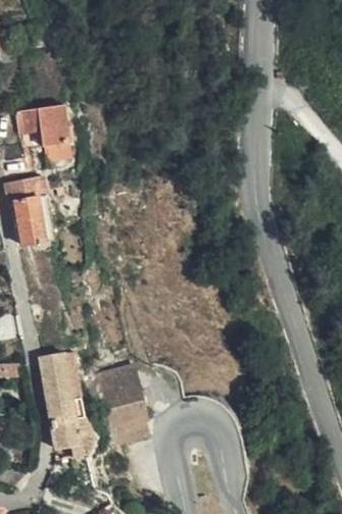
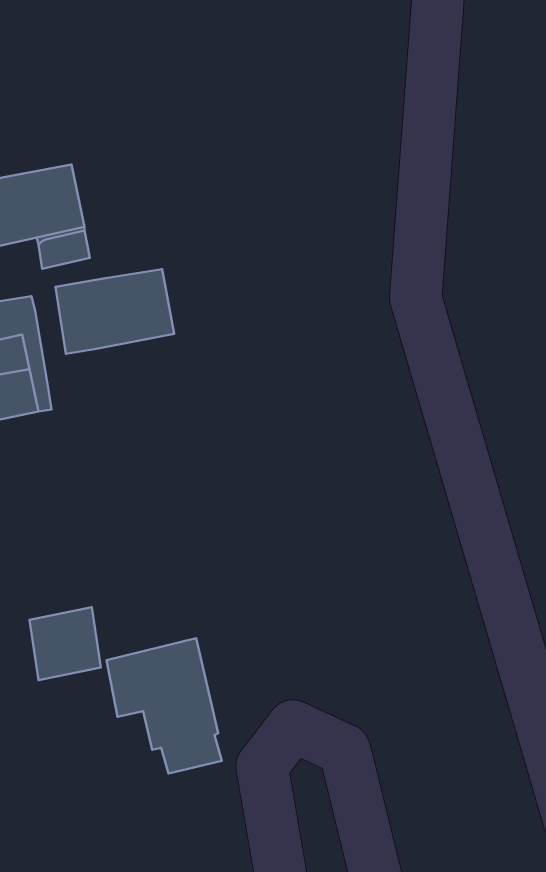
building: none -> [55,269,174,354]
building: [45,383,97,450] -> none

